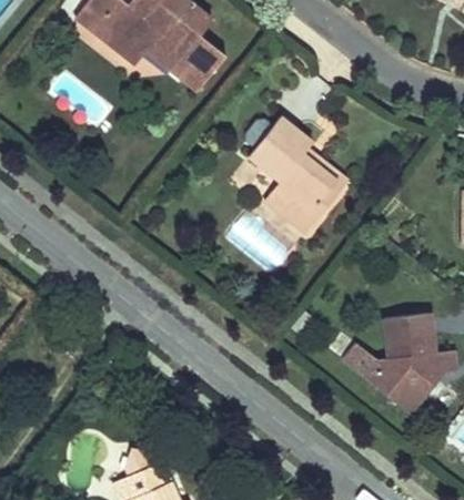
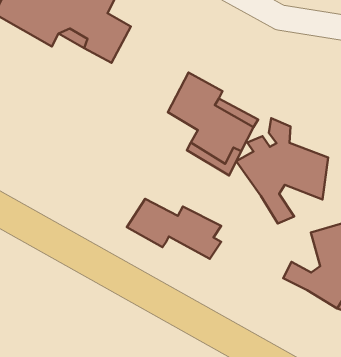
building: none -> [236,118,328,223]
building: none -> [127,199,221,259]

